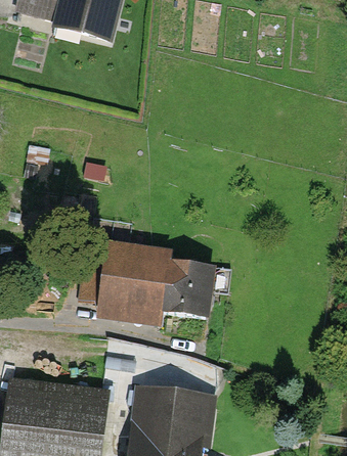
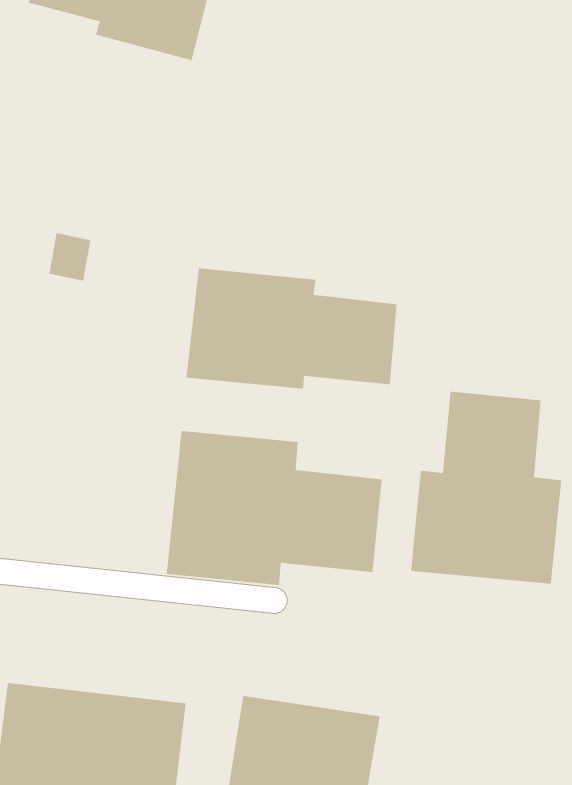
building: none -> [186,268,397,390]
building: none -> [411,391,562,584]

